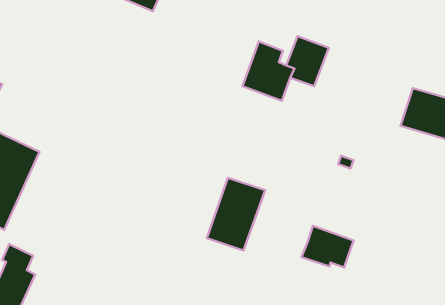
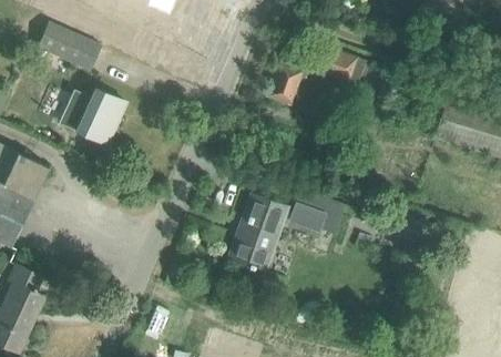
building: none -> [37,22,99,70]
building: none -> [60,88,124,143]
building: [301,226,354,268] -> [286,187,341,232]

